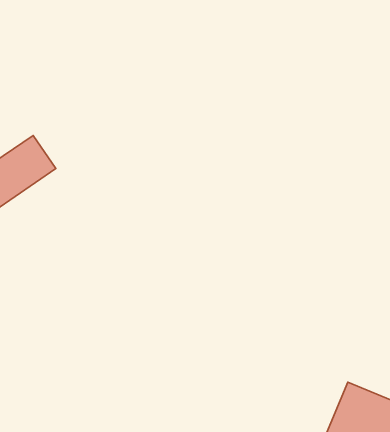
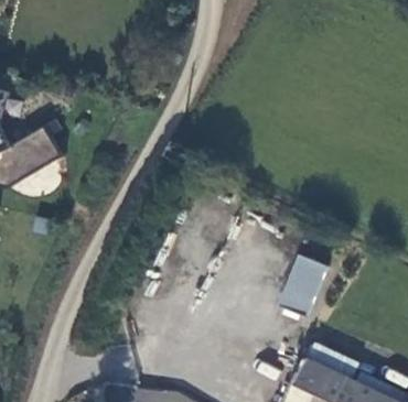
building: none -> [281,250,331,313]

